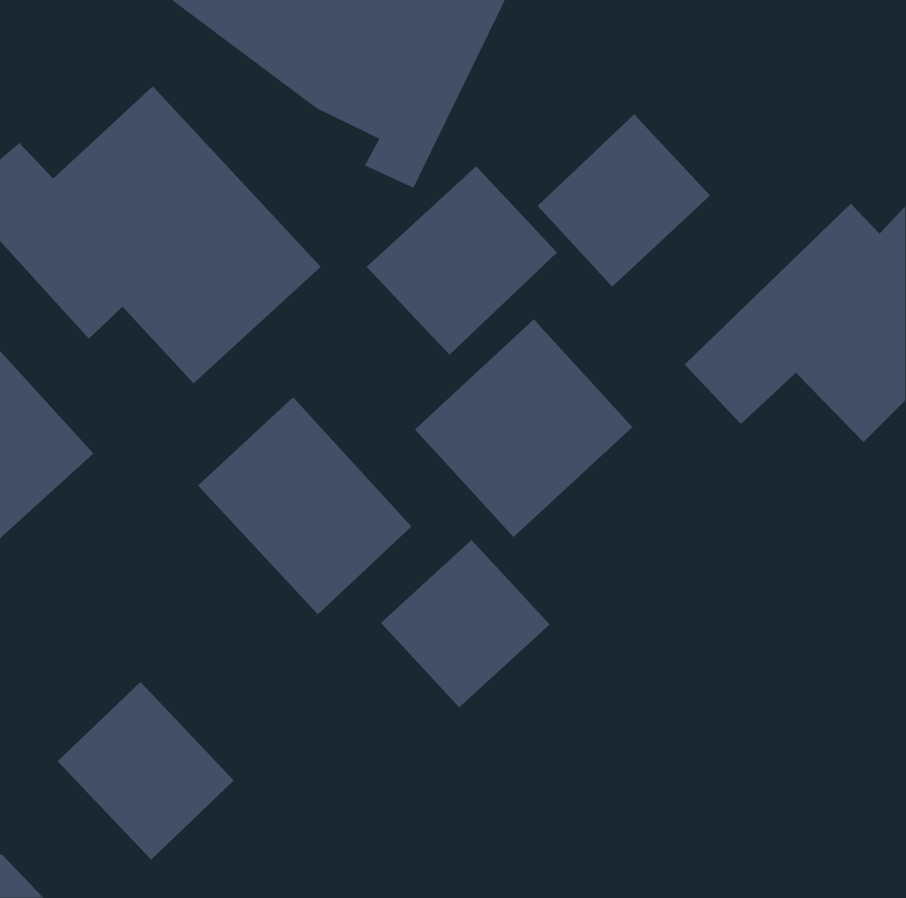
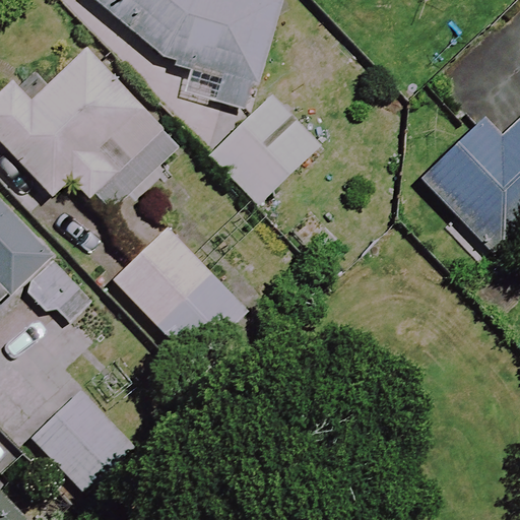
building: [537,114,711,288] -> none
building: [414,318,633,538] -> none
building: [380,539,551,708] -> none

